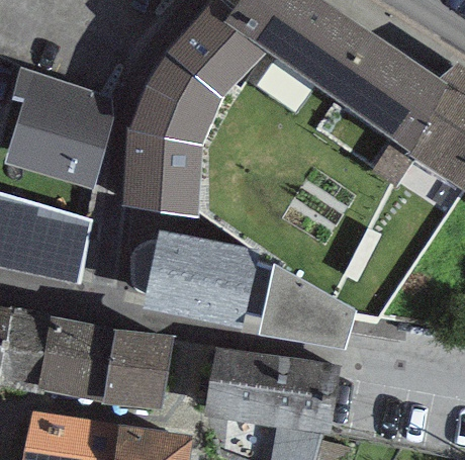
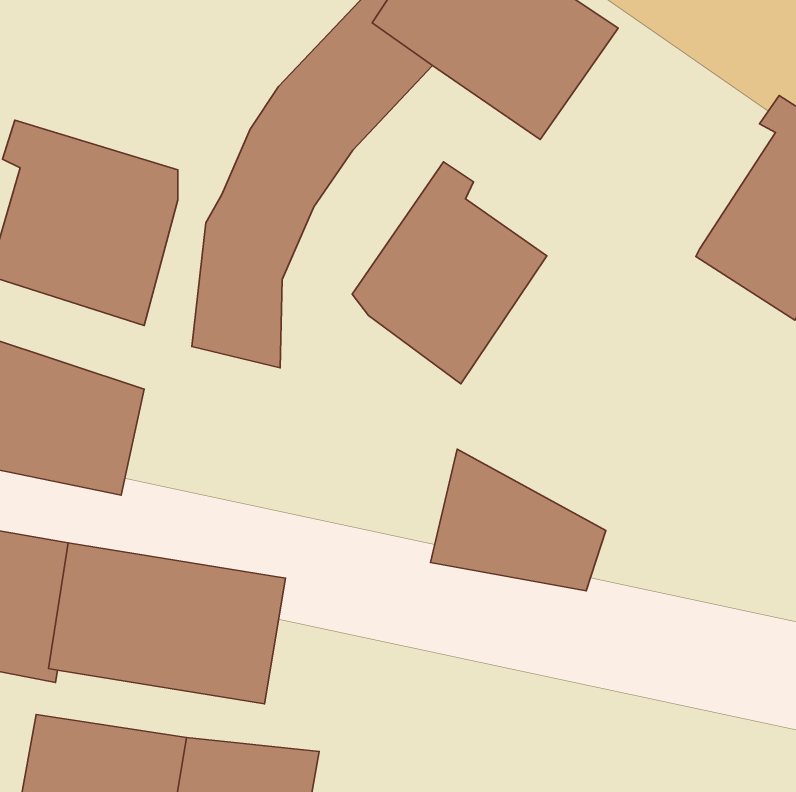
building: [318,21,453,148] -> none
building: none -> [352,162,547,384]
building: [140,228,263,330] -> none
building: [202,352,332,438] -> none

